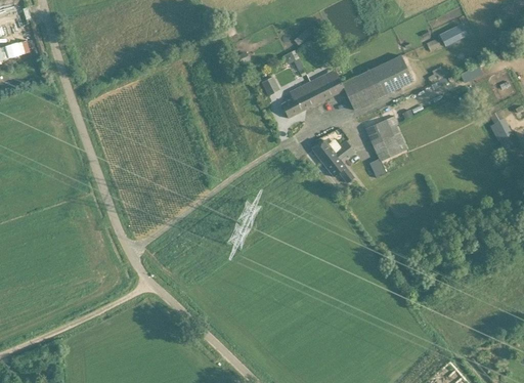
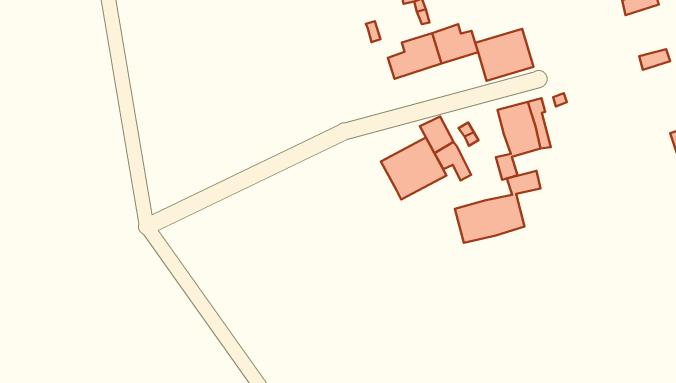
building: [374,54,413,93] -> none
building: none -> [381,137,446,200]
building: none -> [455,171,540,243]

